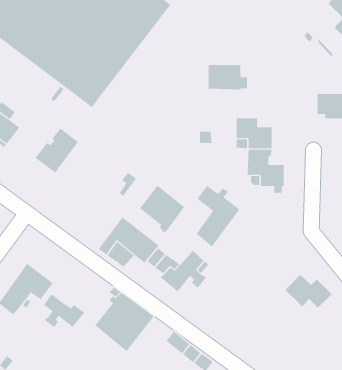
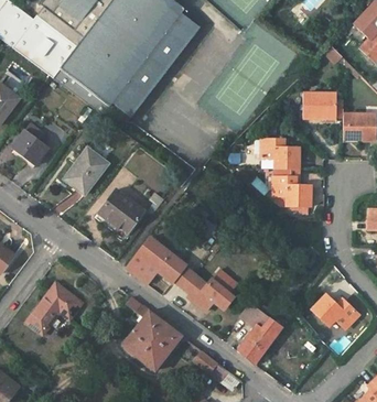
building: [208,64,248,90] -> [303,93,343,118]
building: [139,185,185,233] -> [98,188,143,236]
building: [196,185,240,247] -> [237,302,281,363]
building: [43,293,85,328] -> none

